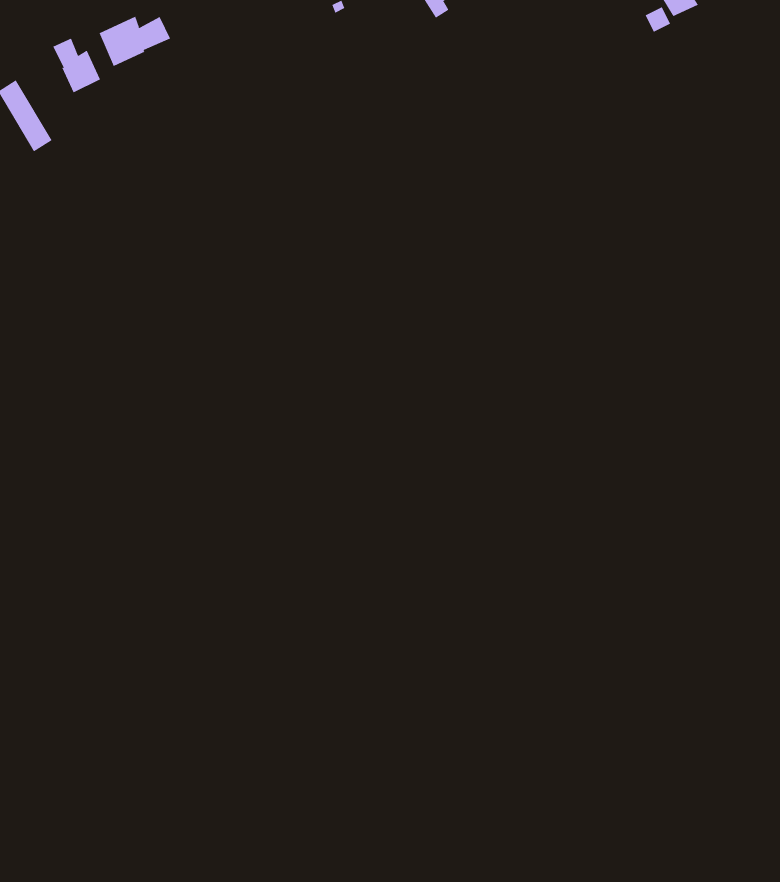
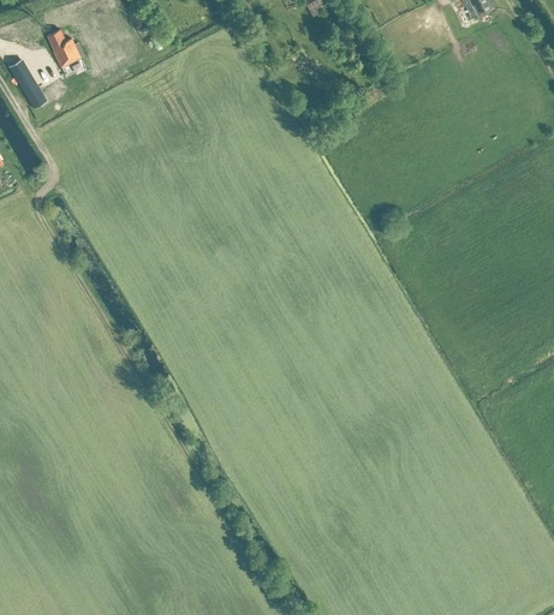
building: [99,16,171,67] -> none

